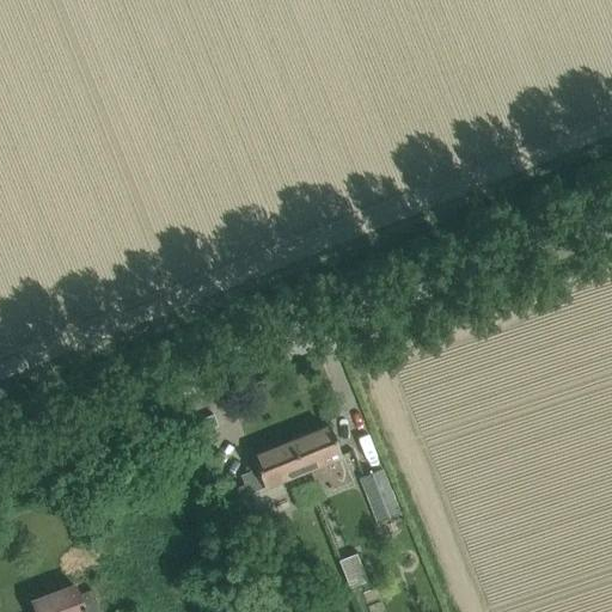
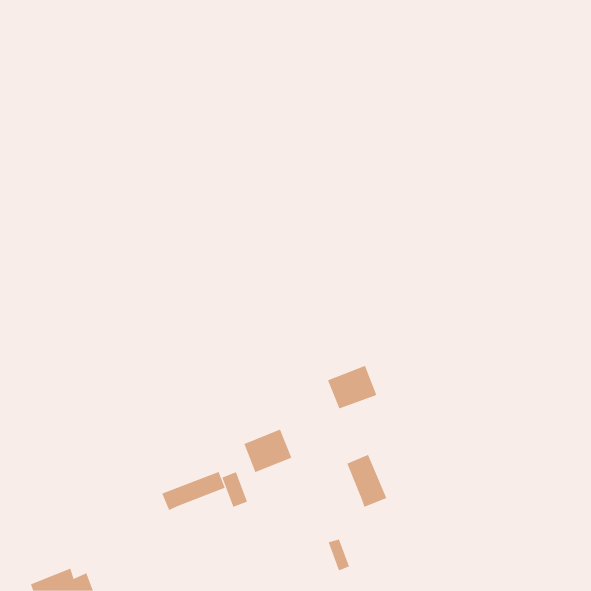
building: [290,427,342,472] -> [327,365,377,409]
building: none -> [161,471,225,511]

